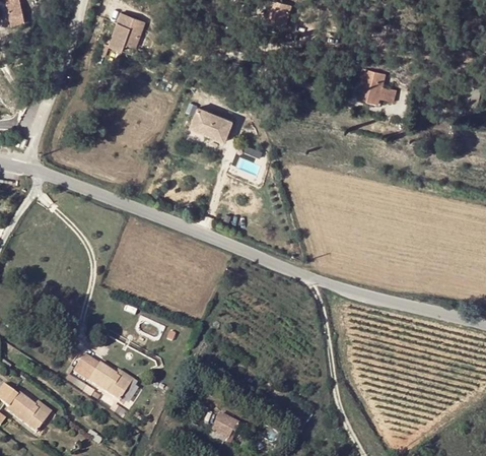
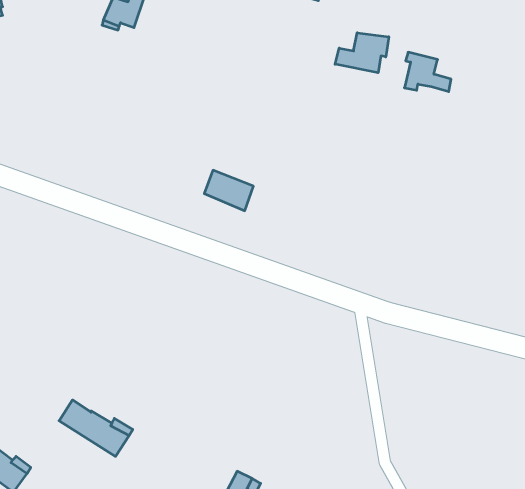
building: none -> [335,33,389,73]
building: [193,106,233,139] -> [204,170,253,211]

